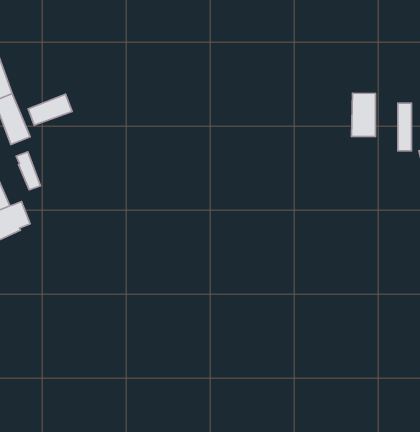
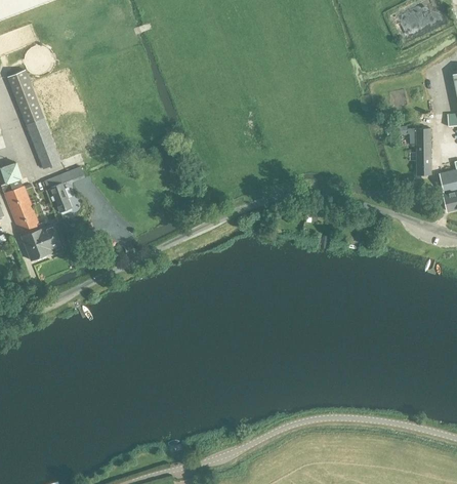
building: [351,93,375,136] -> none
building: [28,94,72,125] -> none

